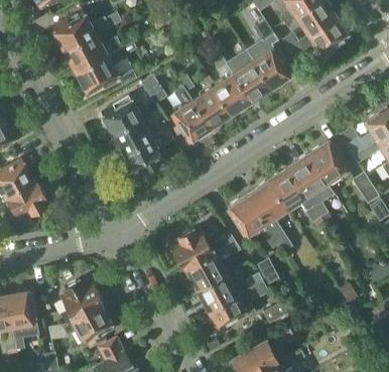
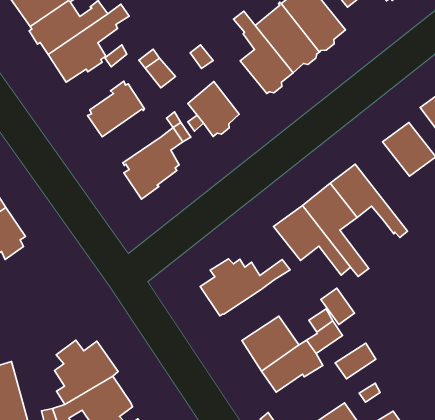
building: [193,89,231,127] -> none
building: [110,117,152,154] -> none
building: [289,156,332,223] -> none
building: [185,242,241,289] -> none

